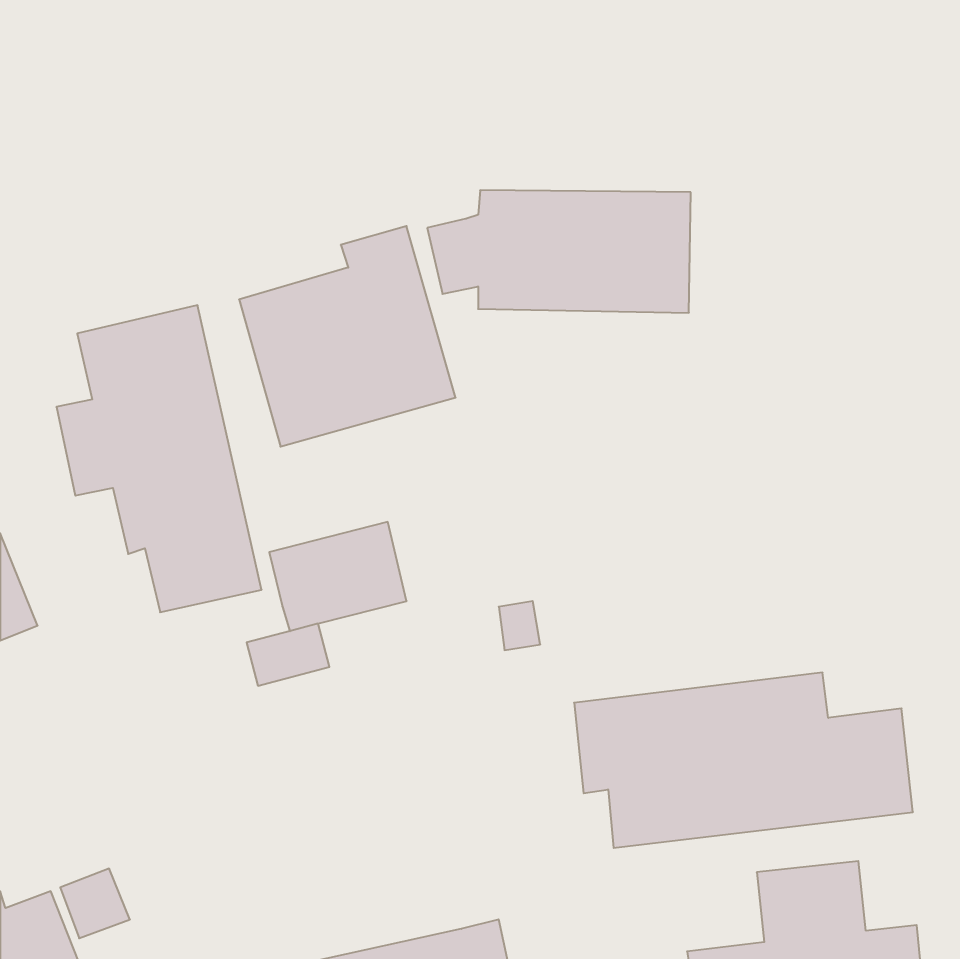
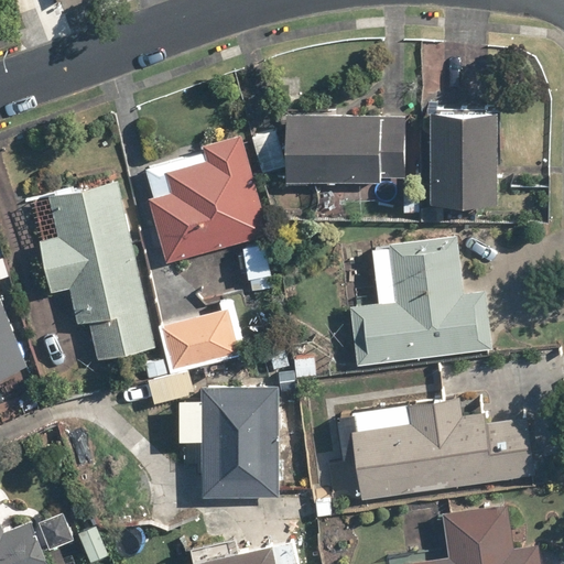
building: none -> [422,109,500,218]
building: none -> [348,236,492,367]
building: none -> [175,384,279,499]

